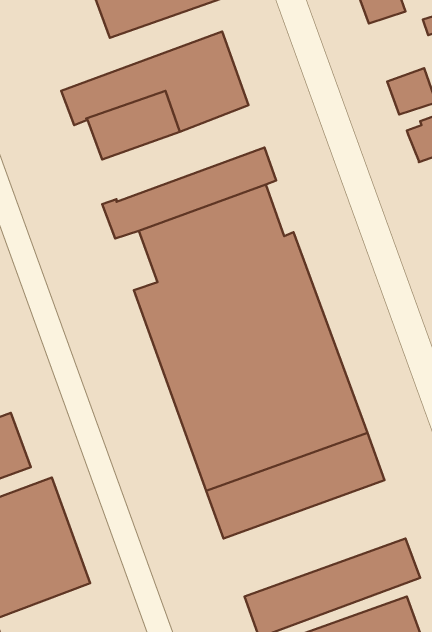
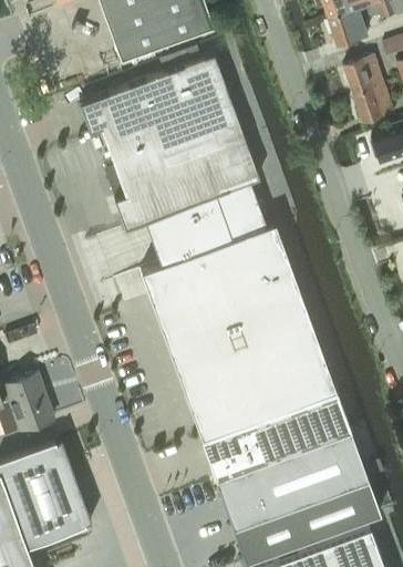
building: none -> [343,56,383,95]
building: none -> [113,115,249,196]
building: none -> [215,430,368,527]

